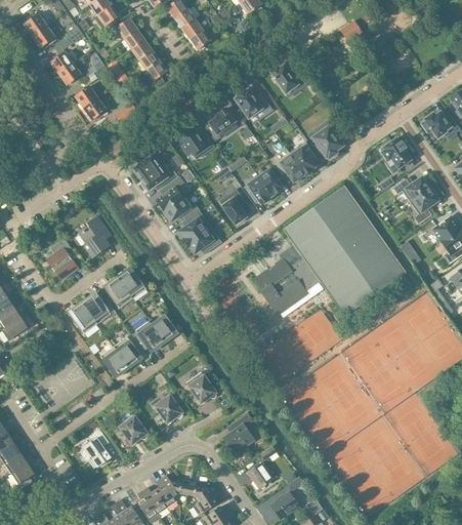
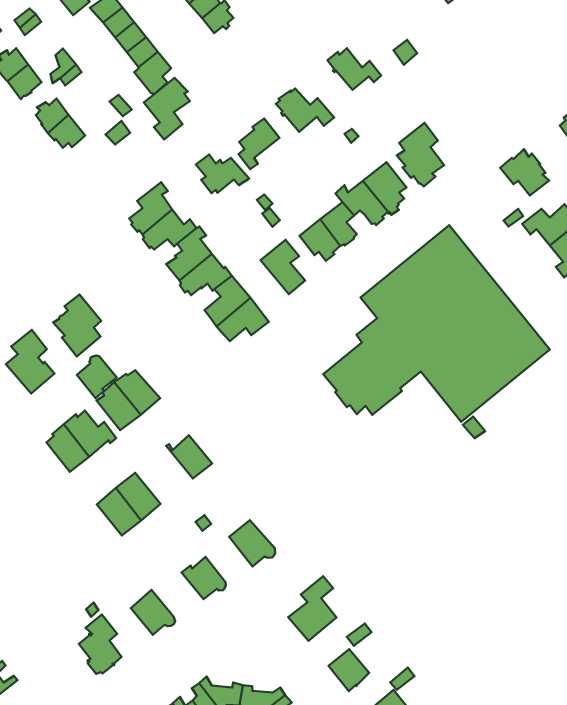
building: none -> [144,78,190,140]
building: none -> [77,356,117,398]
building: [131,320,165,351] -> none

